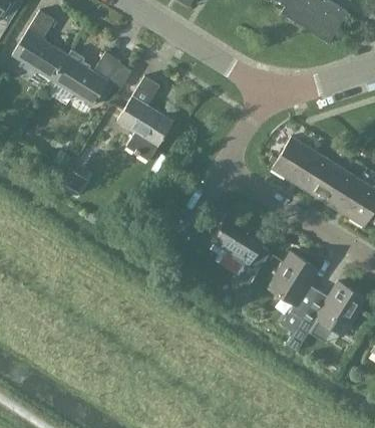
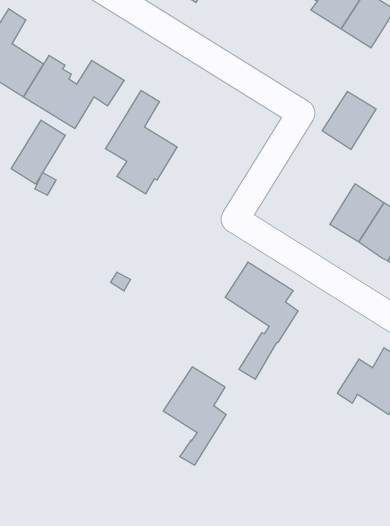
building: none -> [11,120,65,184]
building: [272,137,315,183] -> [322,91,376,149]
building: [268,252,318,331] -> [163,367,226,465]

